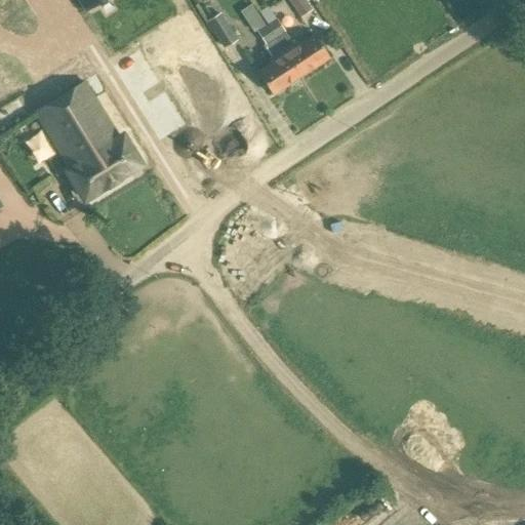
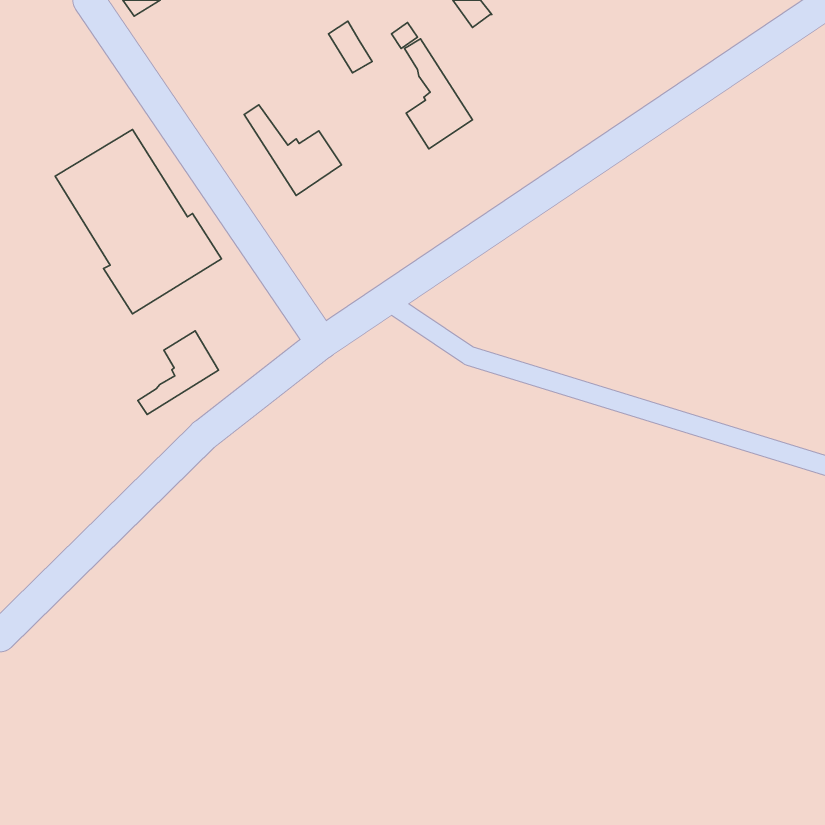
building: [268,19,329,77] -> [244,105,341,195]
building: none -> [138,331,219,414]

